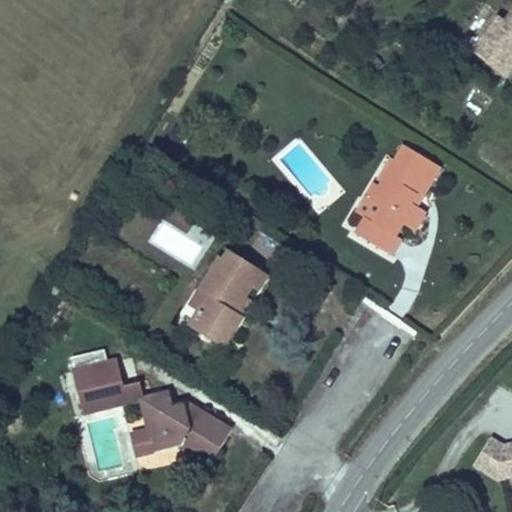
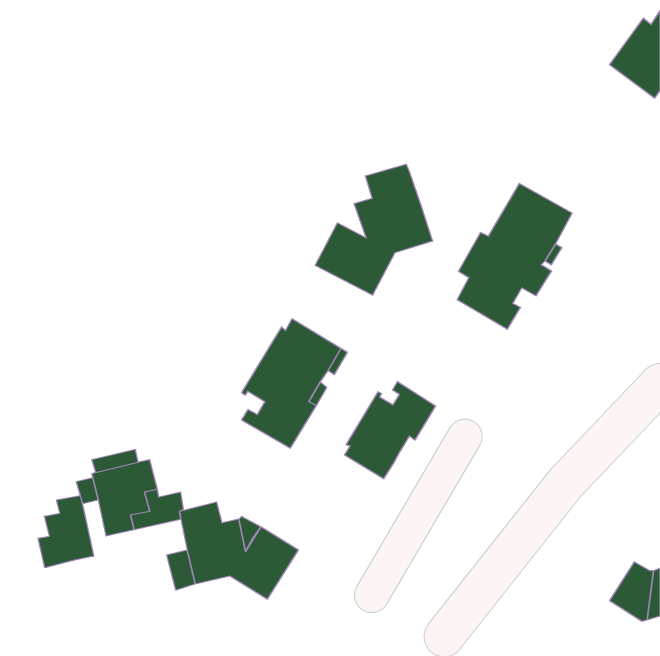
building: none -> [315,164,433,295]
building: none -> [344,382,436,479]
building: none -> [38,496,94,568]

